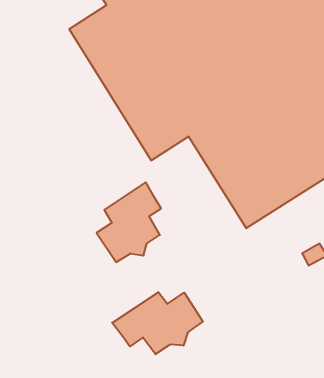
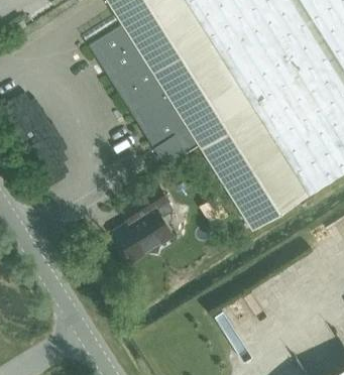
building: [112,292,203,354] -> none

